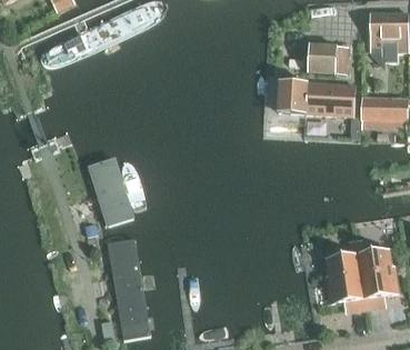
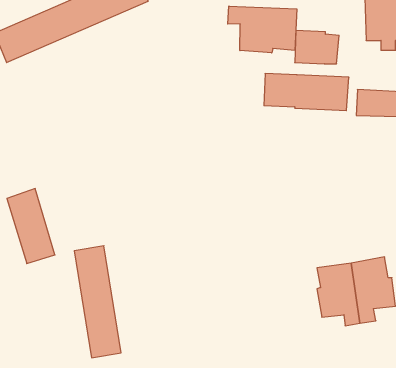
building: none -> [228,6,297,53]
building: [90,157,133,224] -> [7,189,55,264]

